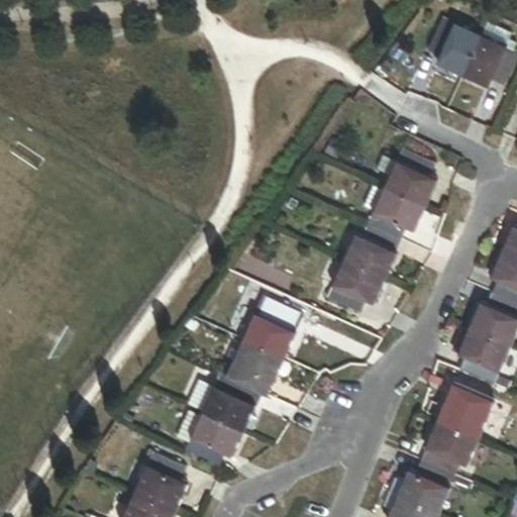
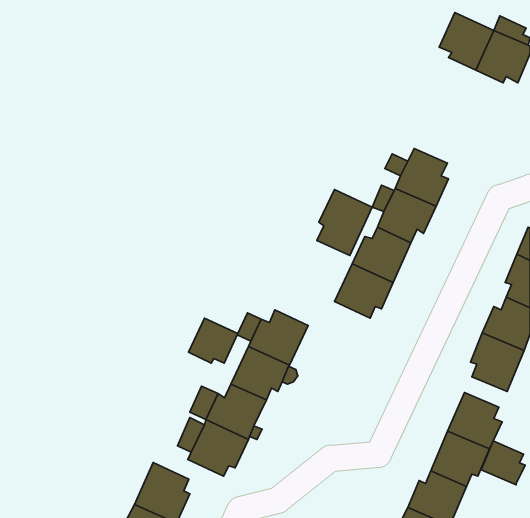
building: none -> [317,189,372,256]
building: none -> [189,318,238,363]
building: none -> [481,441,525,485]

